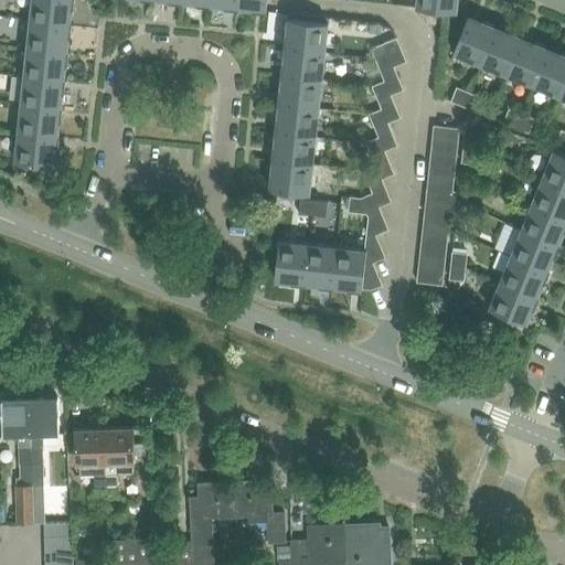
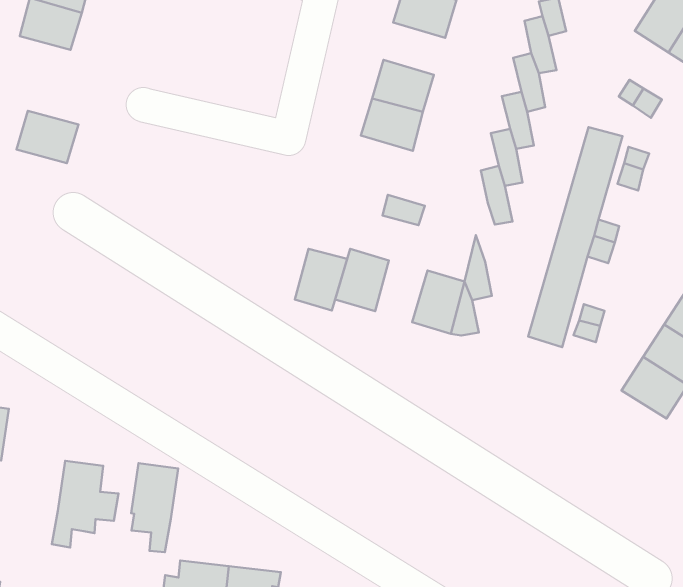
building: [279,78,320,110] -> none
building: [15,135,56,167] -> [16,111,78,163]
building: [269,162,311,195] -> none
building: [348,194,387,236] -> none
building: [305,247,337,288] -> [295,249,347,311]
building: [75,429,105,491] -> [131,463,178,552]

